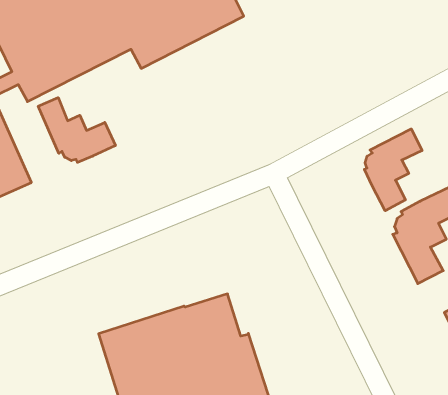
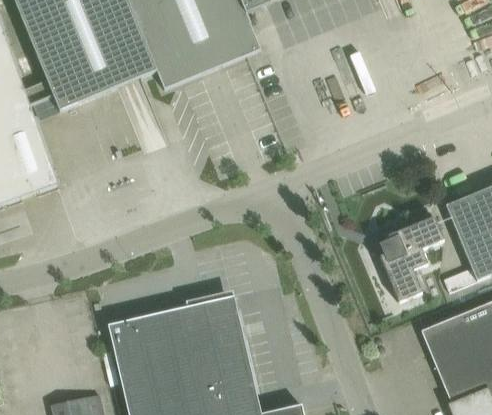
building: [38,98,115,162] -> none
building: [364,129,422,211] -> none

